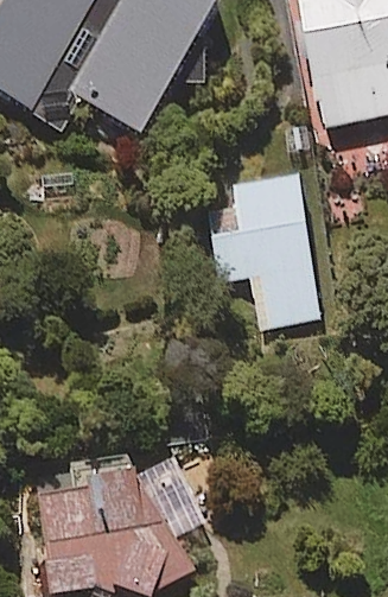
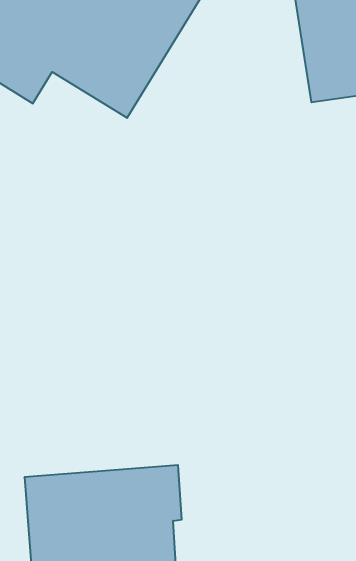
building: [211,174,318,320] -> none

